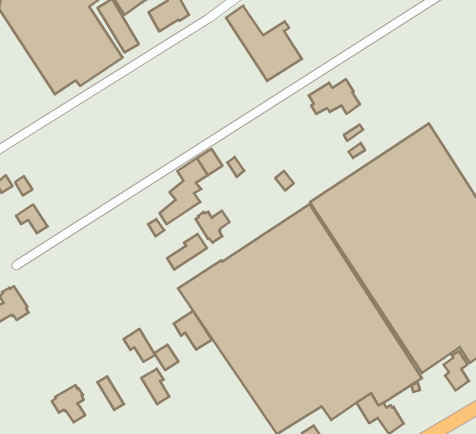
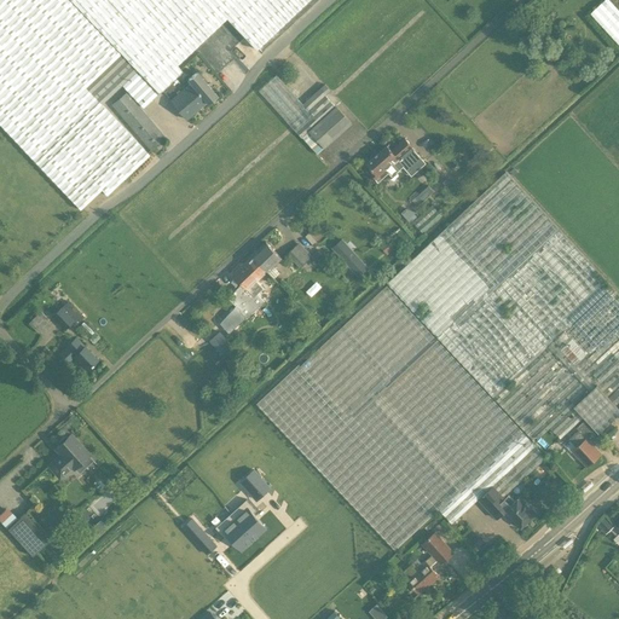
building: [196,211,229,243] -> none
building: [167,234,207,270] -> none
building: [174,311,212,350] -> none
building: [124,329,155,362] -> [215,513,254,549]
building: [52,385,85,422] -> none

